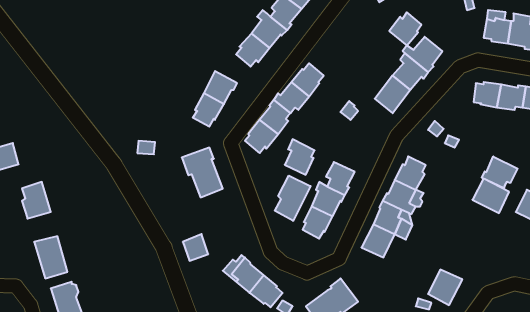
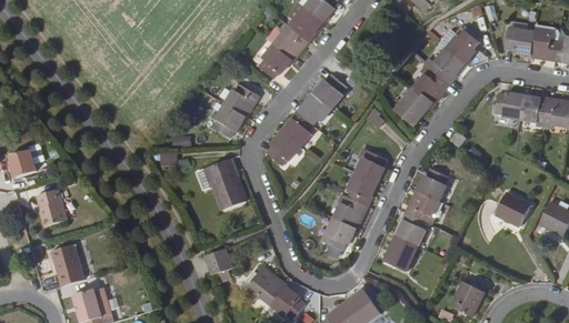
building: [389,12,421,46] -> [446,28,478,61]
building: [285,139,315,175] -> [355,147,385,182]
building: [482,156,518,188] -> none
building: [275,176,311,221] -> none

